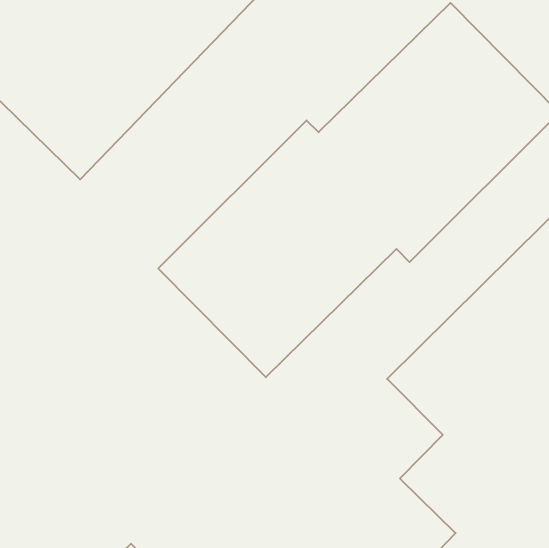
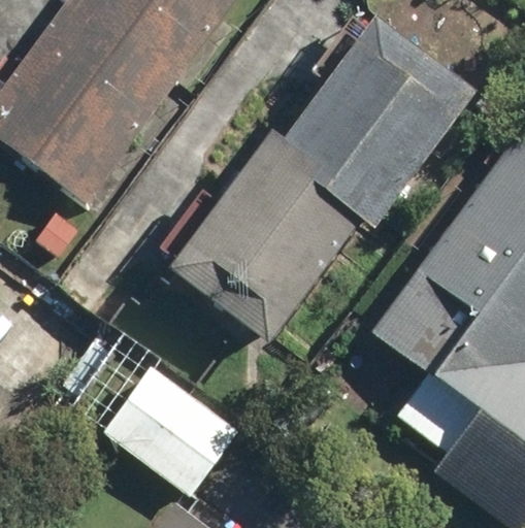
building: none -> [57,330,242,496]

